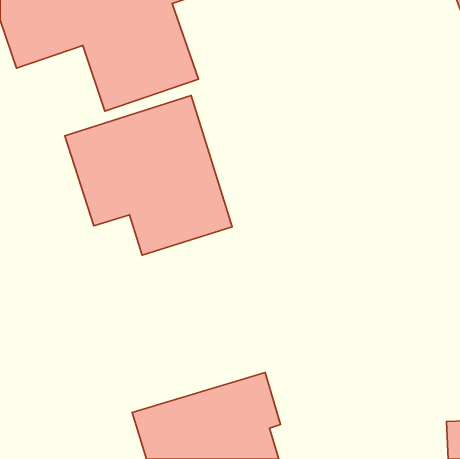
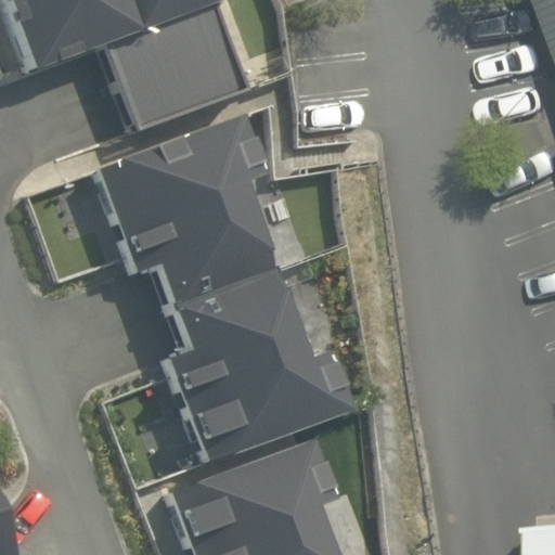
building: none -> [162,270,361,467]

